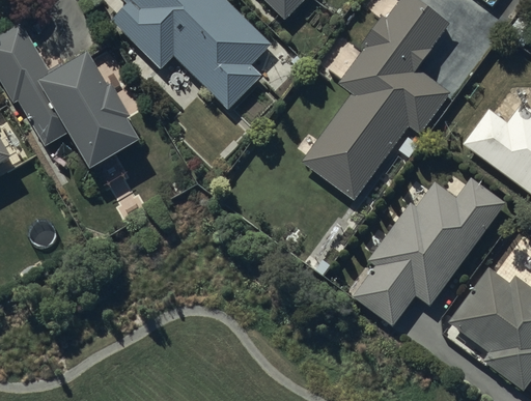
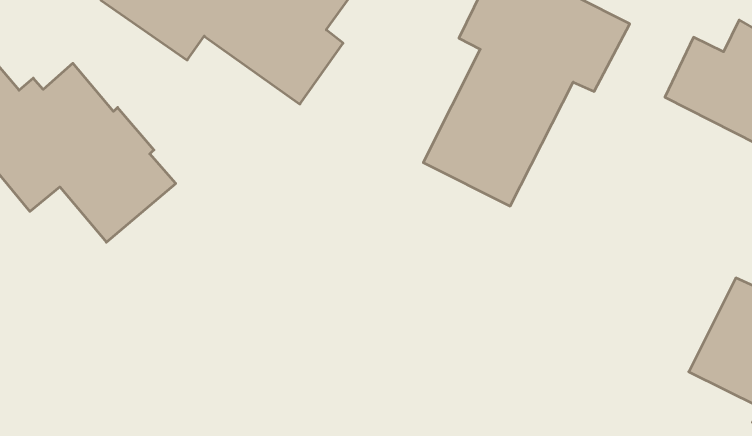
building: [354,178,505,324] -> none

